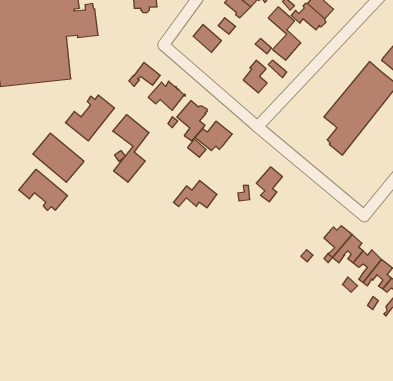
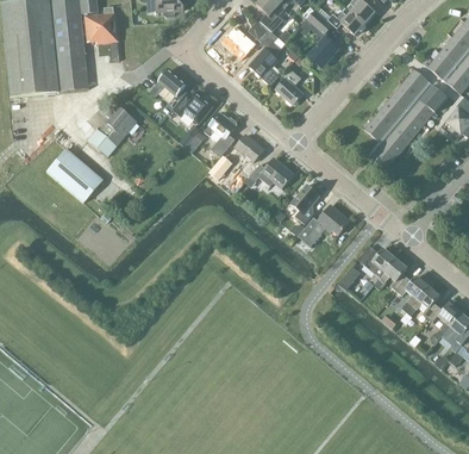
building: none -> [249,31,280,83]
building: [113,115,149,182] -> none
building: [19,169,67,210] -> none
building: [173,180,217,208] -> [245,157,293,187]
building: none -> [298,204,349,247]

